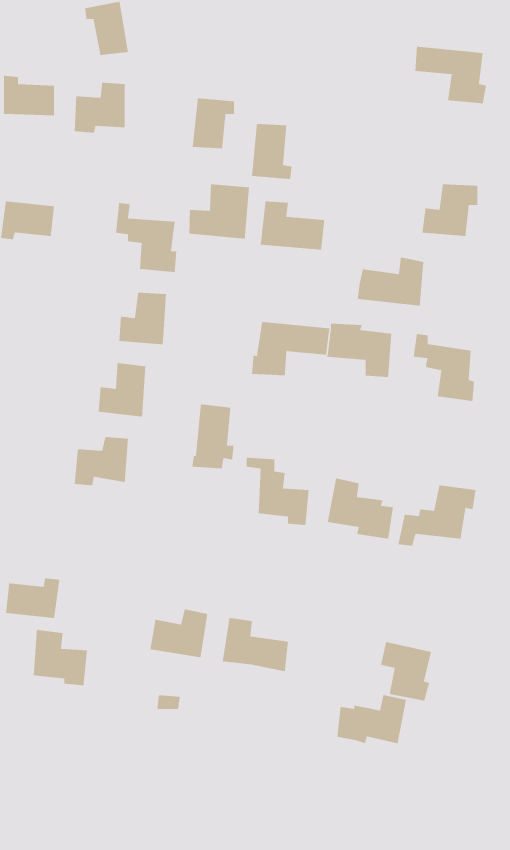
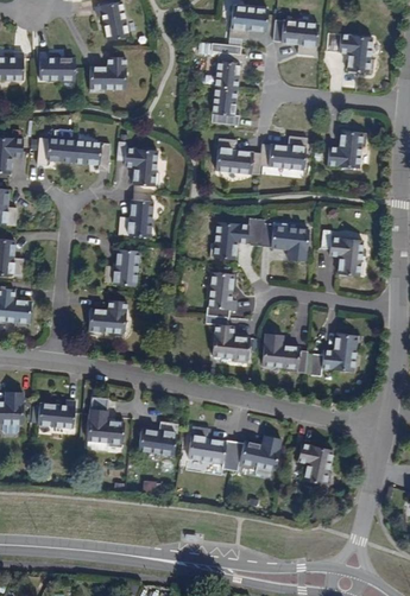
building: none -> [227,6,265,38]
building: none -> [271,19,316,55]
building: [192,97,235,149] -> [213,51,242,87]
building: [188,184,250,239] -> none
building: none -> [71,142,109,173]
building: [357,256,424,306] -> [259,133,305,167]
building: [192,404,235,469] -> [206,272,235,317]
building: [33,629,88,686] -> [89,407,127,446]
building: [336,694,407,744] -> [233,435,282,469]

